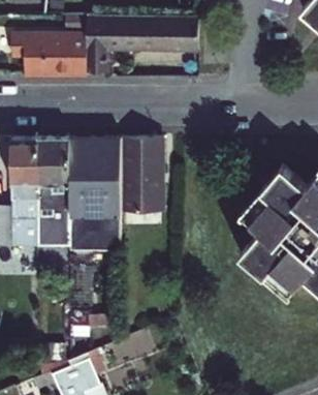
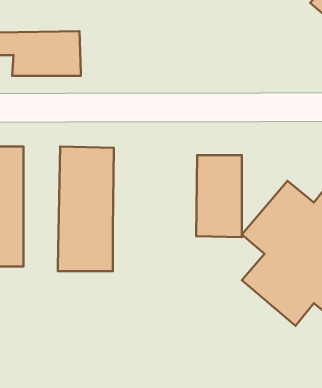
building: [90,18,197,71] -> none
building: [39,139,72,247] -> none
building: [120,140,161,214] -> [196,155,242,237]

